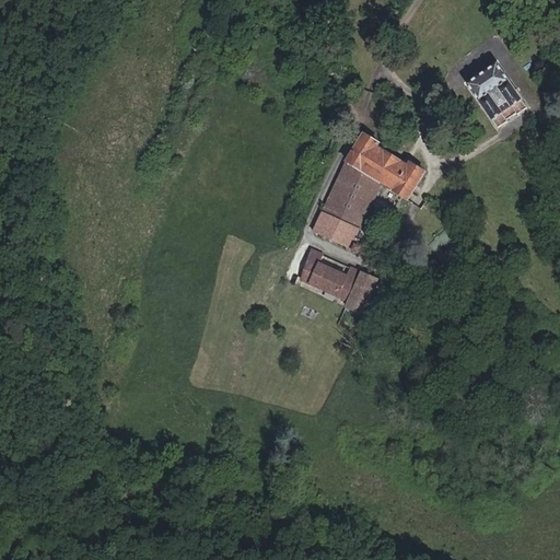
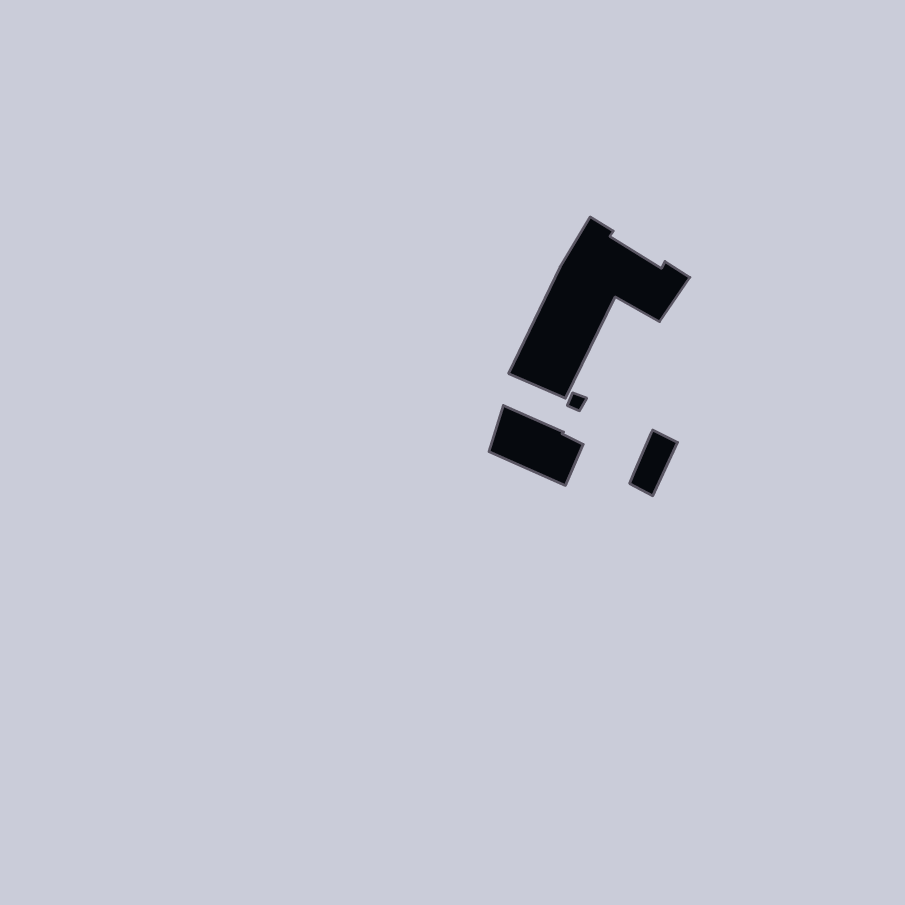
building: [466,62,525,127] -> none
building: [346,271,375,312] -> [630,430,678,496]

